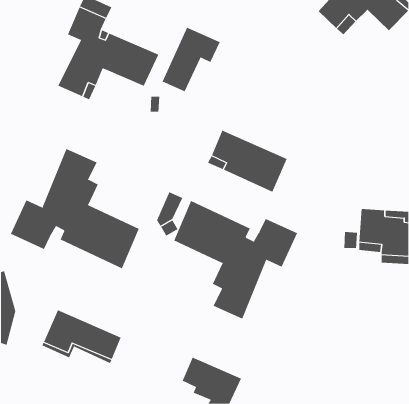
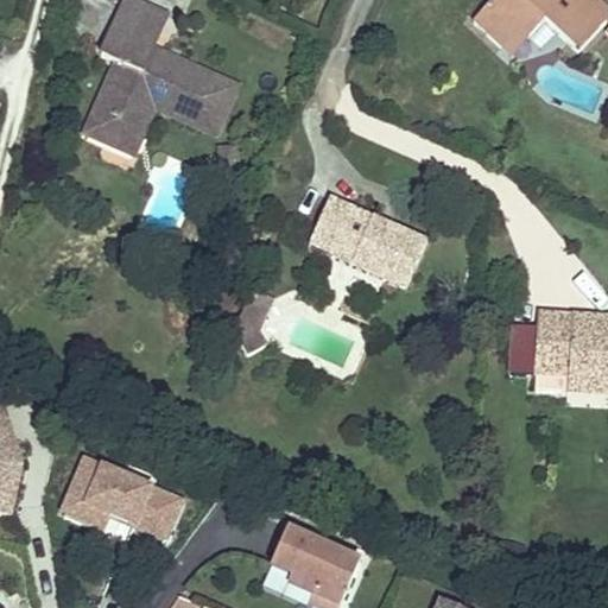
building: [162,27,220,92] -> none
building: [10,148,140,269] -> none
building: [174,200,298,319] -> none

